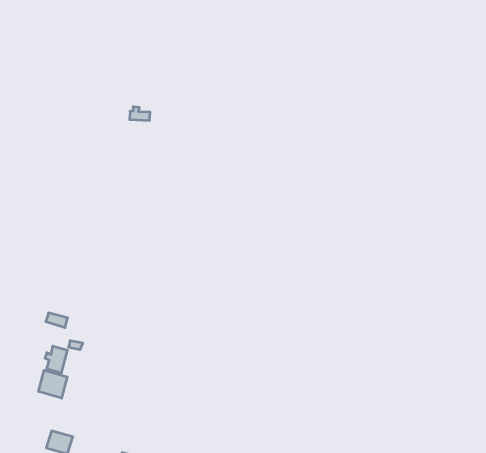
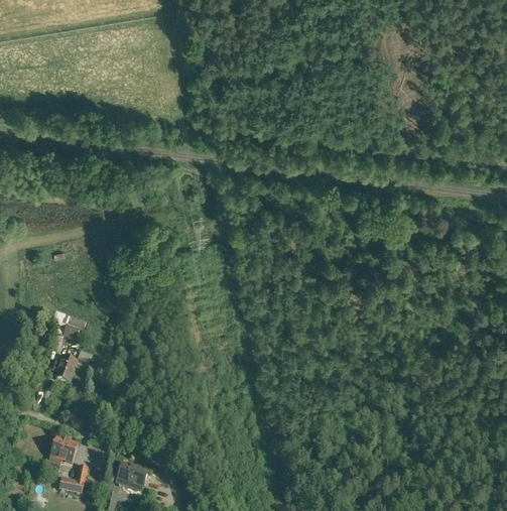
building: [39,370,67,398] -> none

